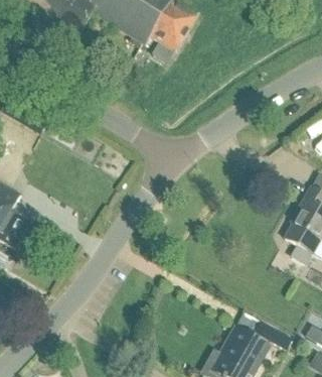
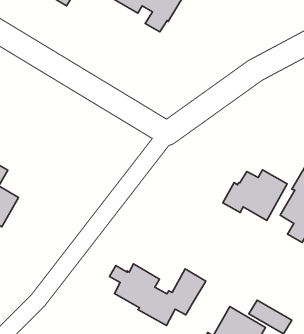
building: none -> [223,170,287,221]
building: none -> [109,264,206,326]

